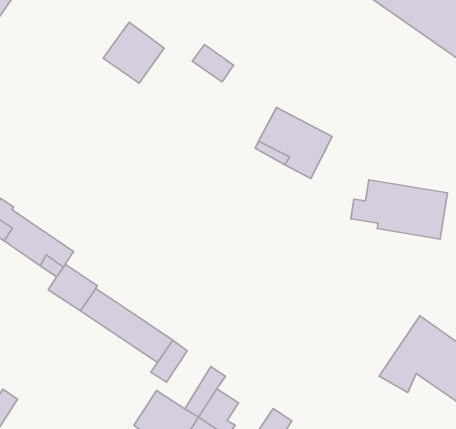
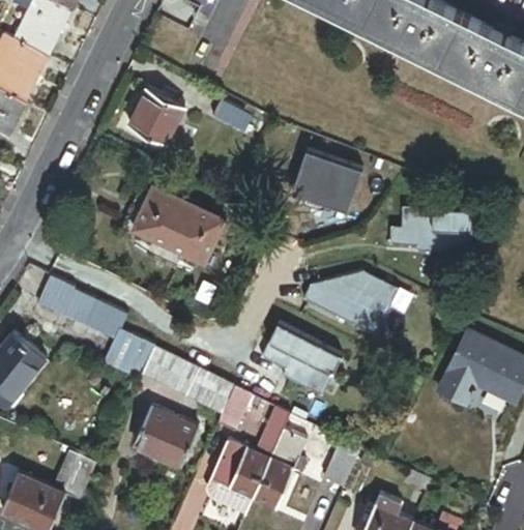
building: none -> [124,185,226,268]
building: none -> [300,271,411,337]
building: none -> [262,323,343,393]
building: none -> [135,404,199,463]

